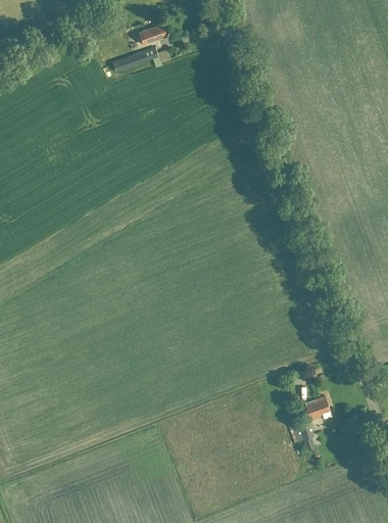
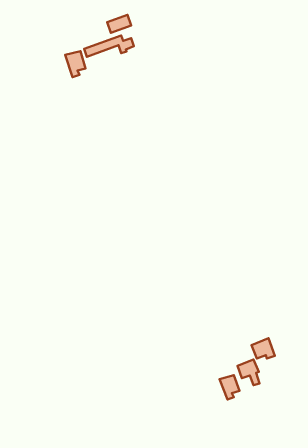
building: none -> [65,51,86,77]
building: none -> [219,375,239,400]

